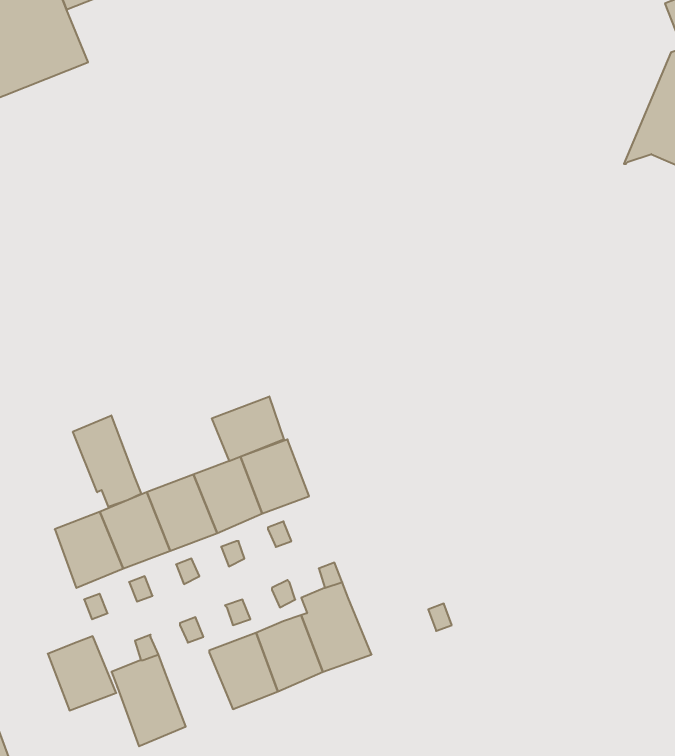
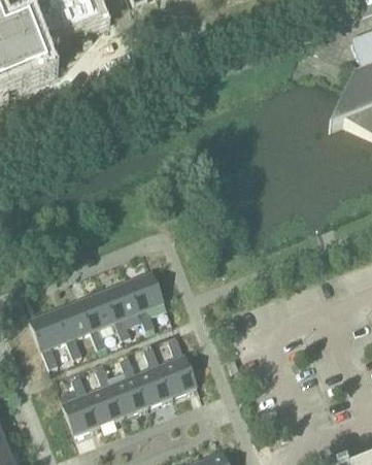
building: [212,396,284,461] -> none
building: [73,415,141,507] -> none
building: [48,636,116,710] -> [88,385,124,424]

